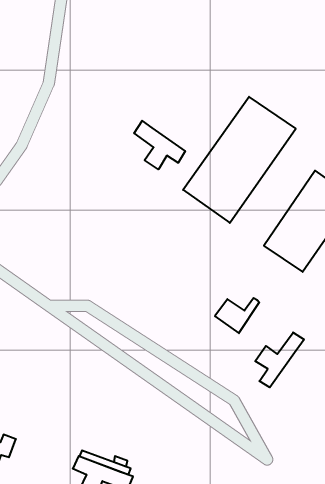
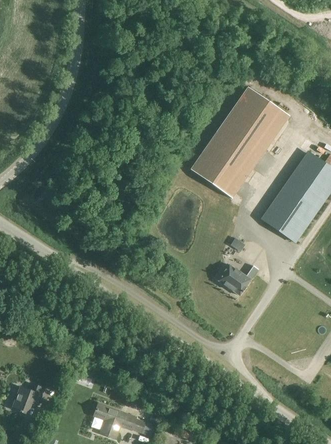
building: [134,121,185,169] -> none
building: [255,332,304,387] -> none

